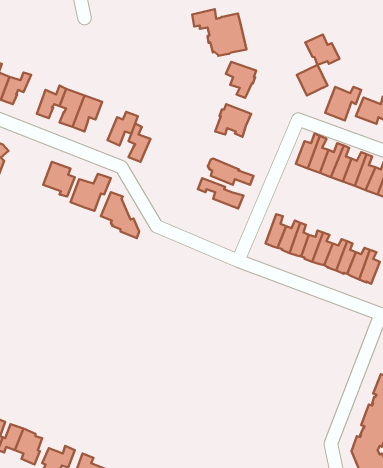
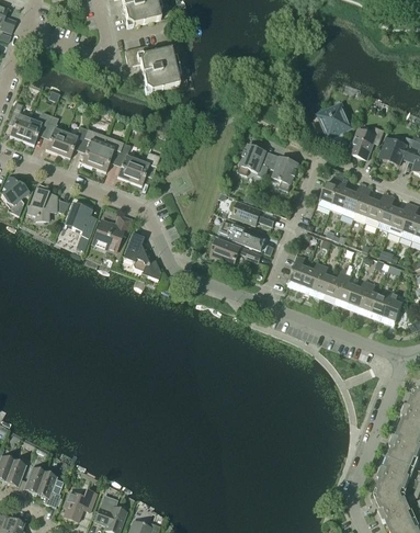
building: [192,9,247,56] -> [124,44,179,91]
building: [305,35,339,65] -> none
building: [226,62,256,98] -> [268,154,298,190]
building: none -> [44,114,66,154]
building: [129,124,150,162] -> [116,141,138,180]
building: none -> [26,183,56,220]
building: none -> [209,237,261,262]

